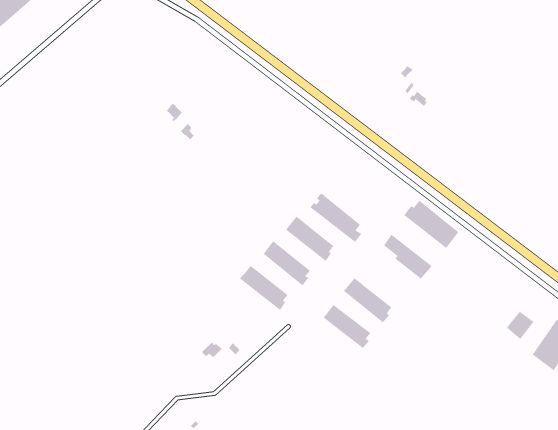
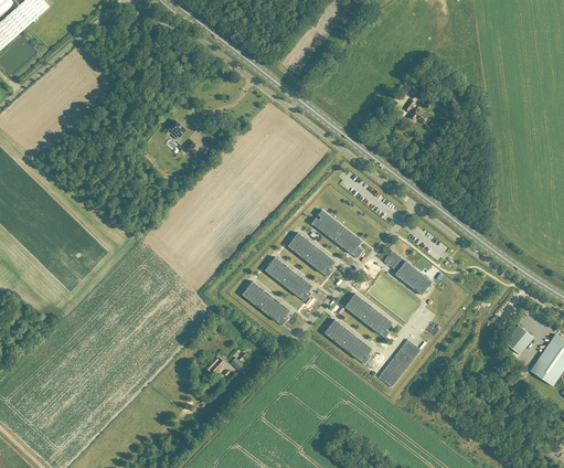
building: [404,200,459,249] -> none
building: none -> [377,340,419,387]

